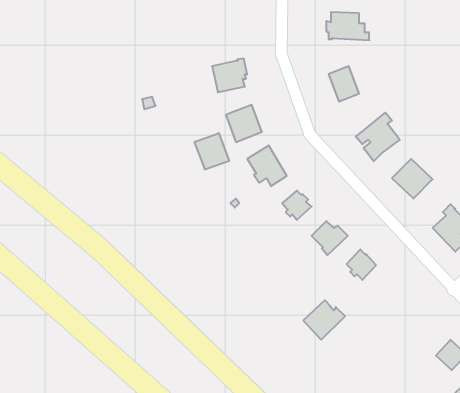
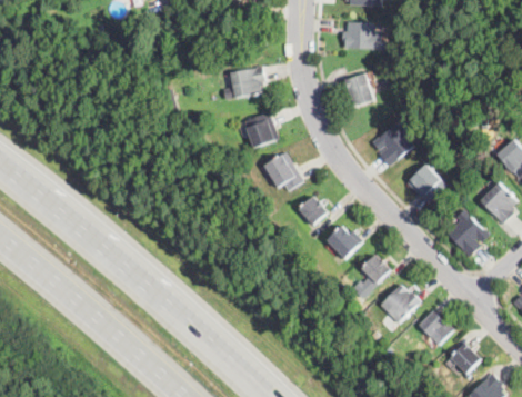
building: [195,133,229,170] -> none
building: [303,300,345,340] -> [380,285,421,324]
building: none -> [419,310,453,345]

